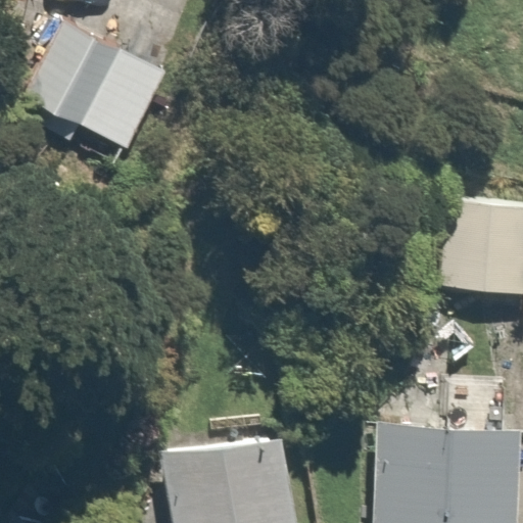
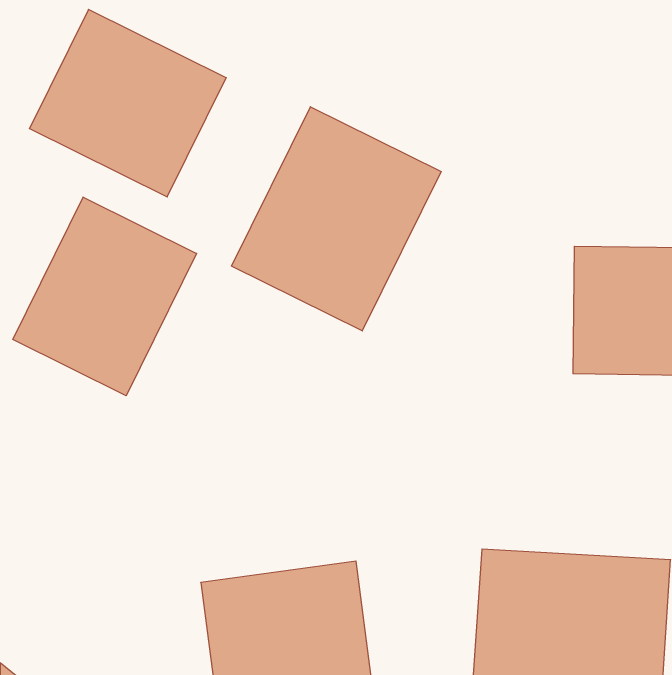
building: none -> [232,107,441,331]
building: none -> [13,197,197,396]

